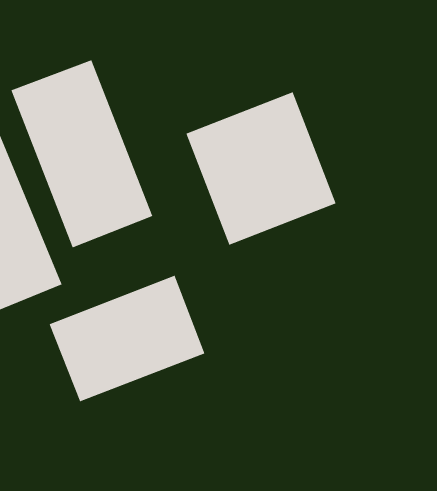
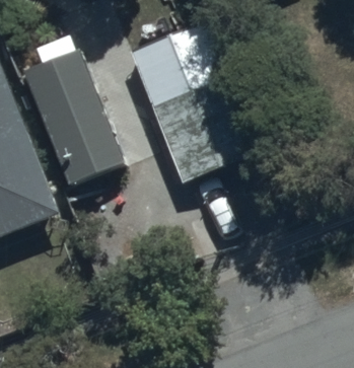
building: [49,275,205,402] -> none

